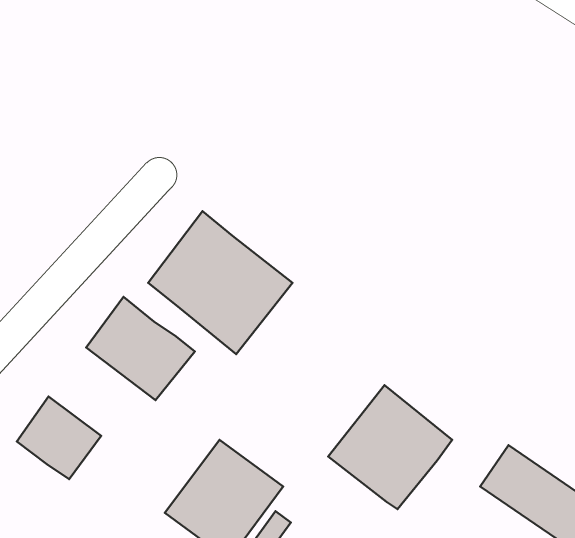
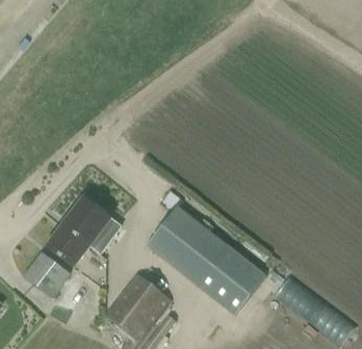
building: [148,211,293,354] -> [147,205,227,284]
building: none -> [45,223,89,267]

